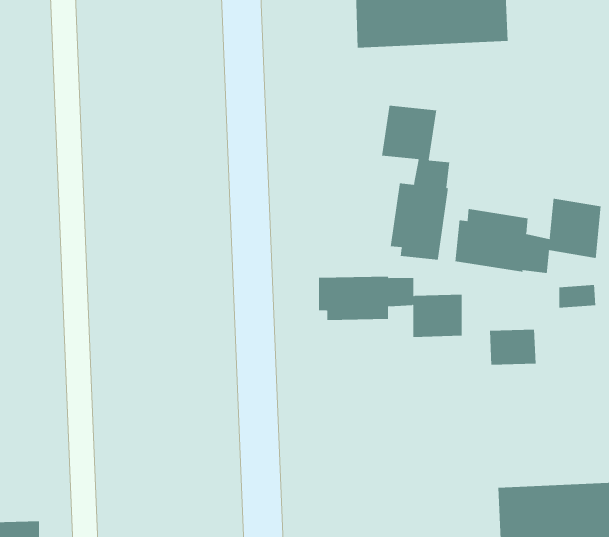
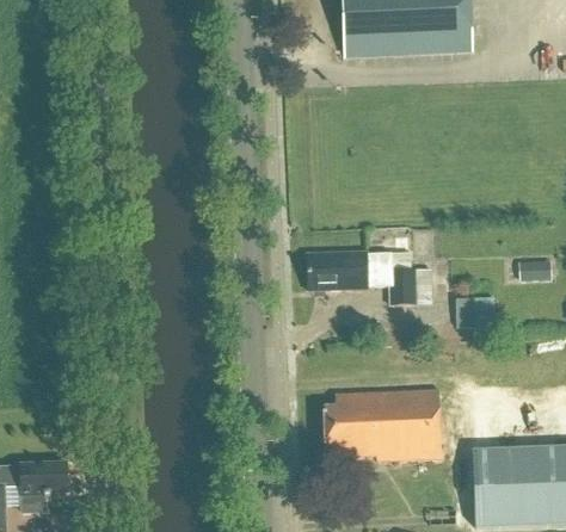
building: [382,105,450,261] -> none
building: [455,198,601,274] -> none
building: none -> [327,391,443,460]

